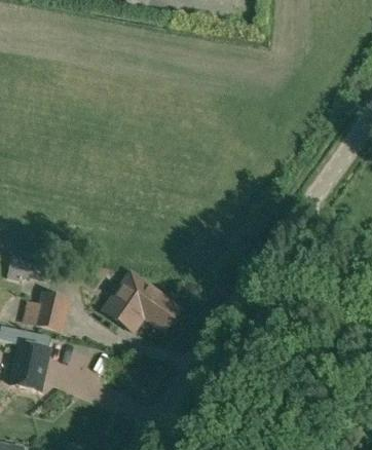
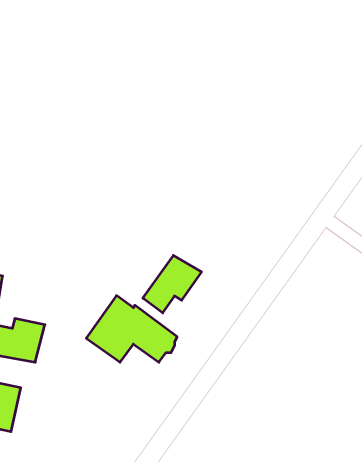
building: none -> [143,255,201,313]

